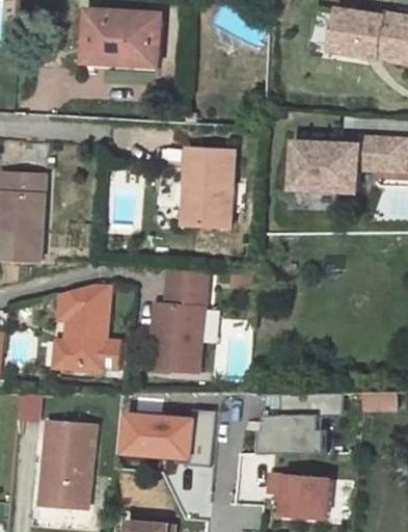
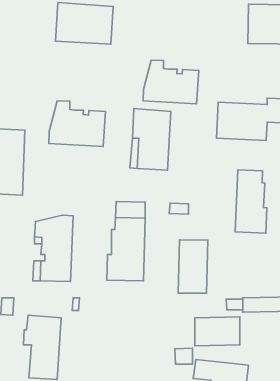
building: none -> [143,60,199,104]
building: none -> [49,101,105,146]
building: none -> [235,170,267,233]
building: none -> [178,240,208,293]
building: [124,416,196,461] -> none

